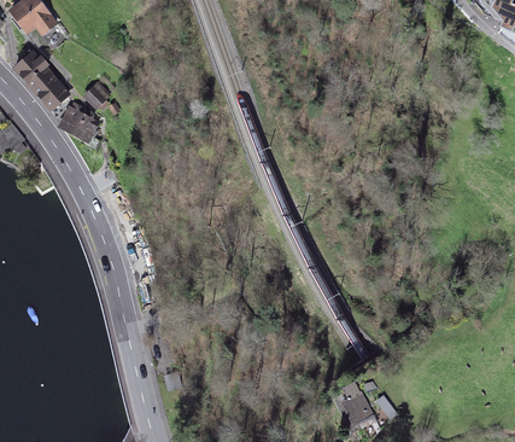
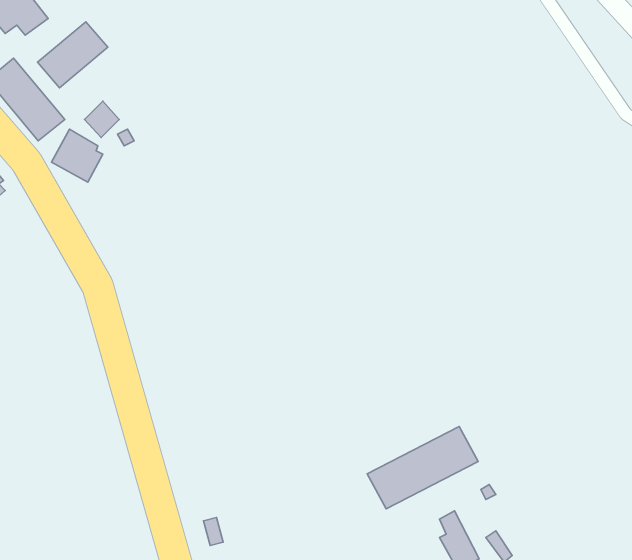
building: none -> [38,22,108,88]
building: none -> [367,426,478,509]

